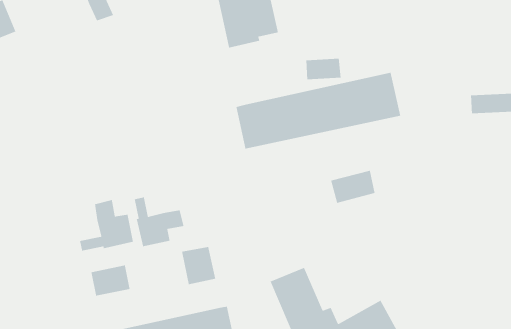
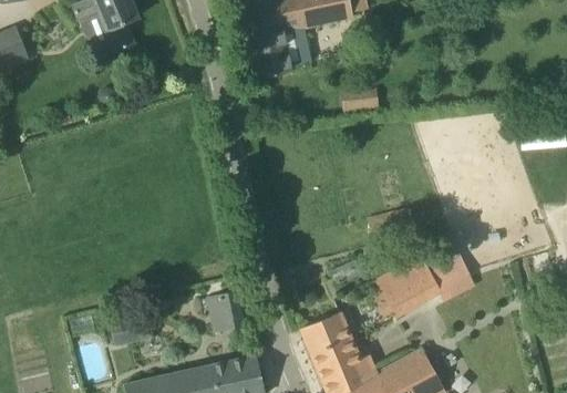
building: [236,72,401,150] -> none
building: [134,196,185,247] -> none
building: [79,199,134,252] -> none
building: none -> [374,256,473,317]

